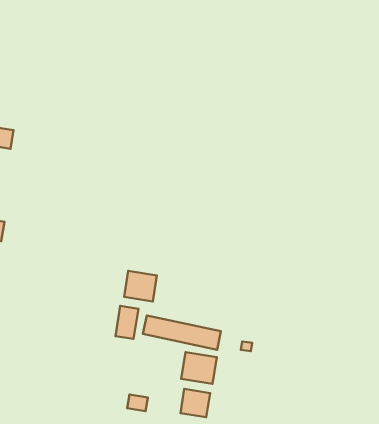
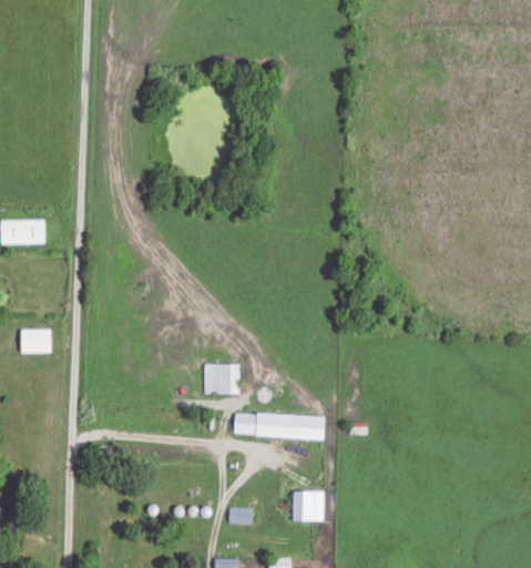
building: [115,306,138,339] -> none
building: [181,352,217,384] -> none

